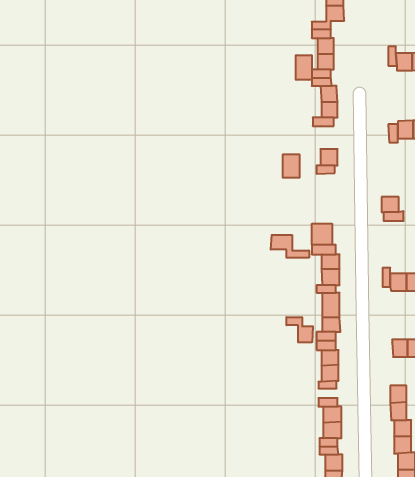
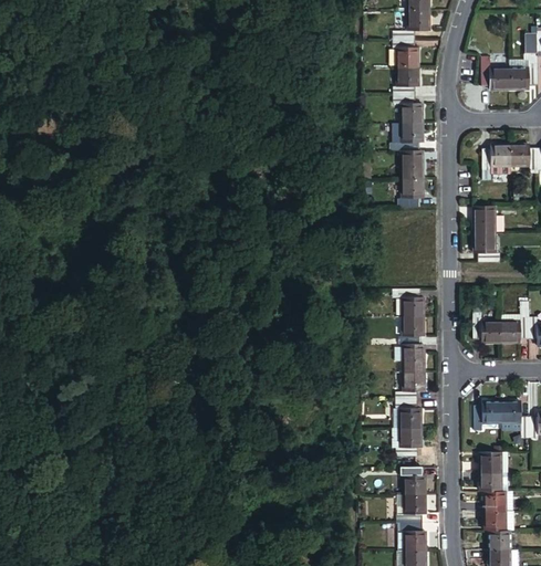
building: [296,55,312,80] -> none
building: [283,155,300,178] -> [402,153,422,179]
building: none -> [472,207,492,234]
building: [312,224,332,245] -> none
building: [271,235,309,258] -> none
building: [286,317,313,342] -> none

